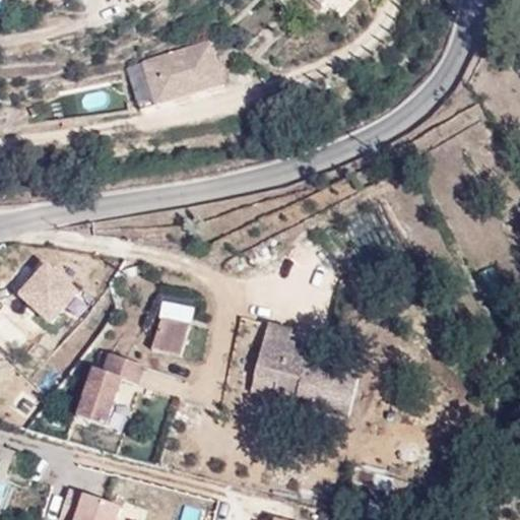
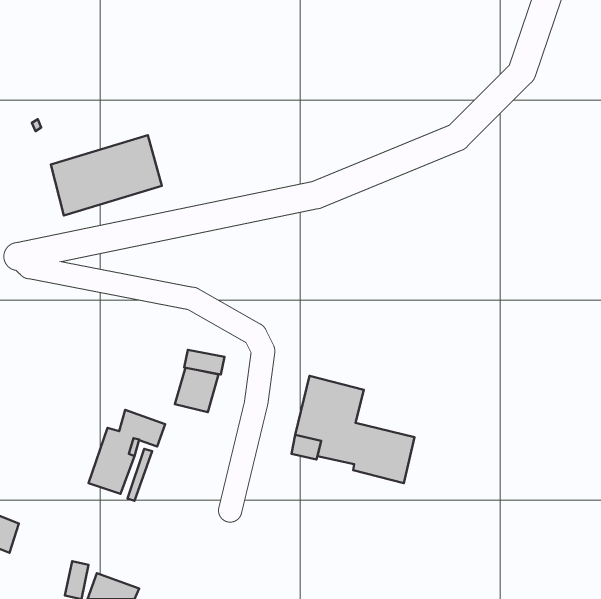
building: [126,39,221,108] -> [51,135,162,215]
building: [20,264,76,320] -> none

